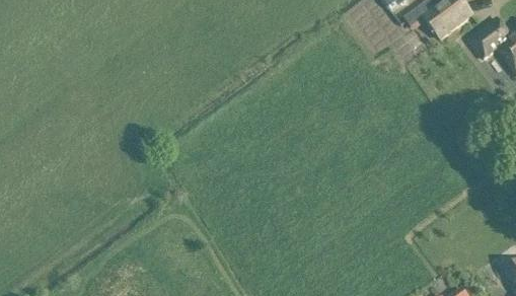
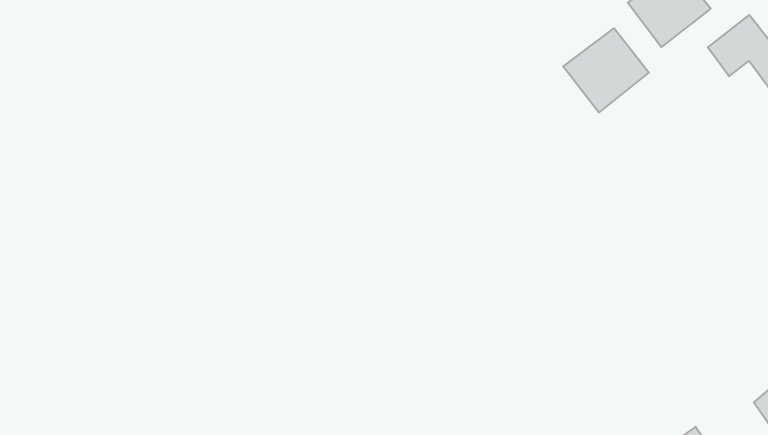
building: none -> [563,28,649,112]

